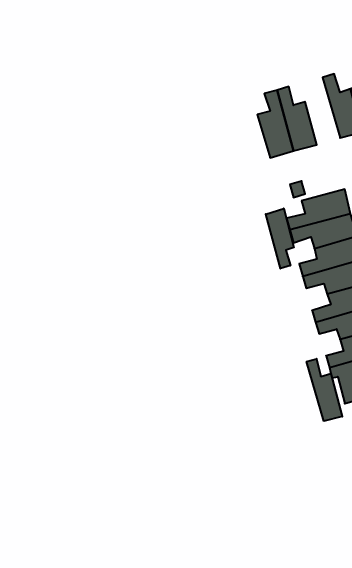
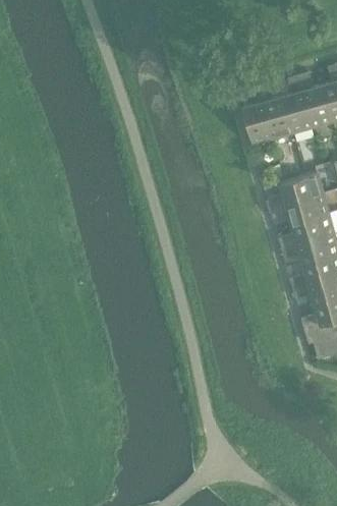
building: none -> [283,75,314,134]
building: [266,208,294,269] -> none
building: [307,359,342,421] -> none

